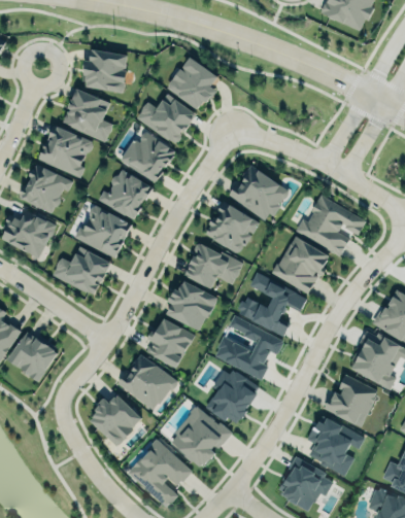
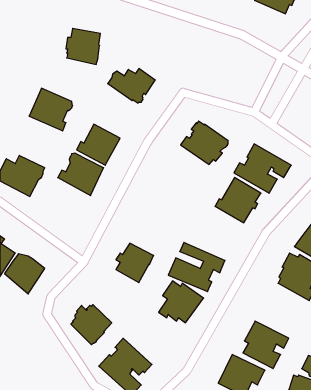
building: [167,57,217,111] -> none
building: [64,89,112,140] -> none
building: [121,131,175,182] -> none
building: [20,164,73,214] -> none
building: [205,200,260,252] -> none
building: [184,243,242,288] -> none
building: [52,244,110,292] -> none
building: [237,274,307,335] -> none
building: [167,280,217,330] -> none
building: [117,353,177,410] -> none
building: [324,375,377,426] -> none
building: [173,406,232,468] -> none

